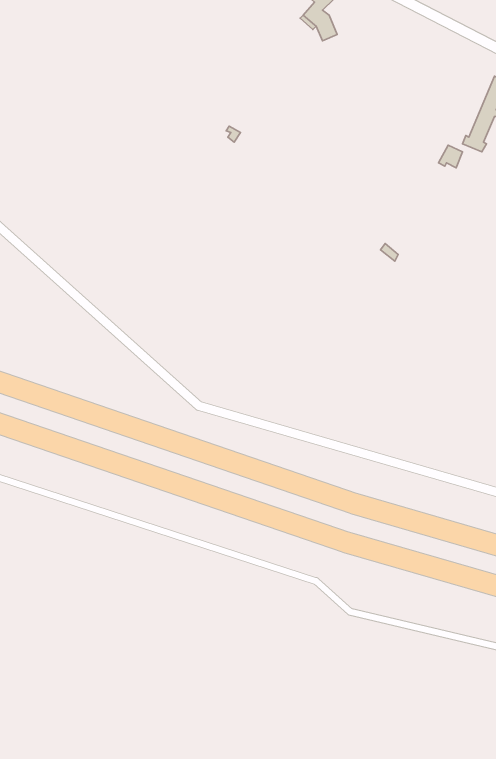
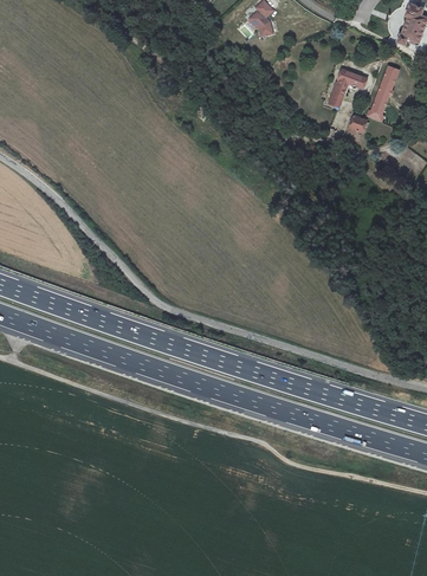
building: none -> [329,67,367,104]

